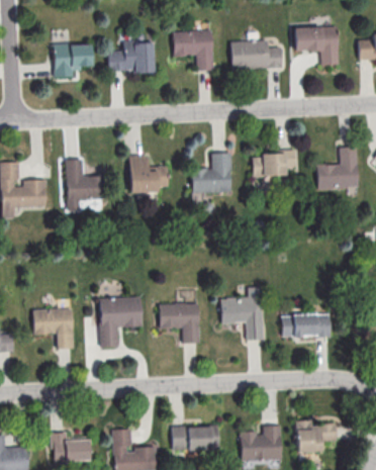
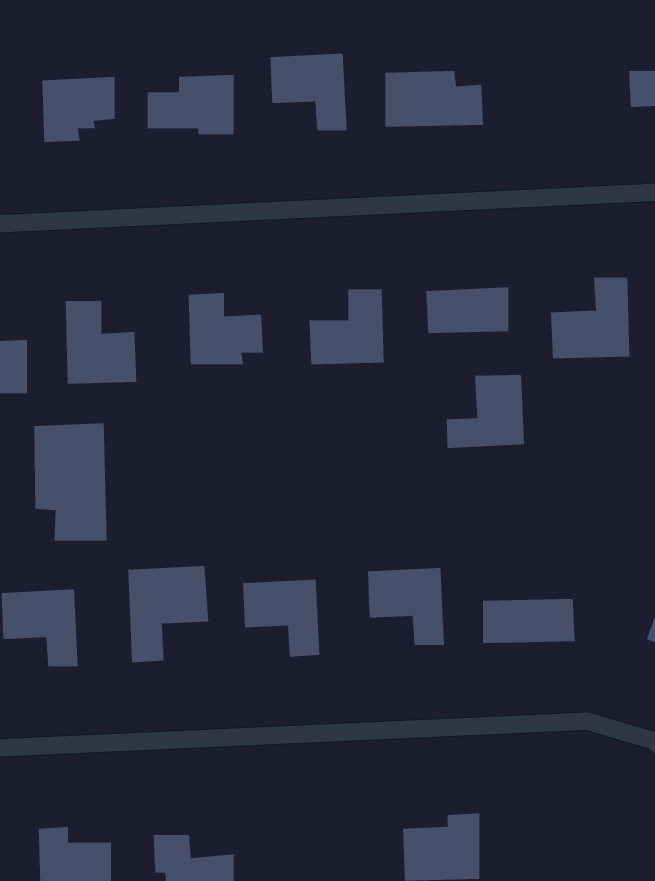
building: [292,25,338,66] -> none
building: none -> [446,374,525,449]
building: none -> [34,422,107,541]
building: [296,419,337,452] -> none
building: [172,425,219,450] -> none

